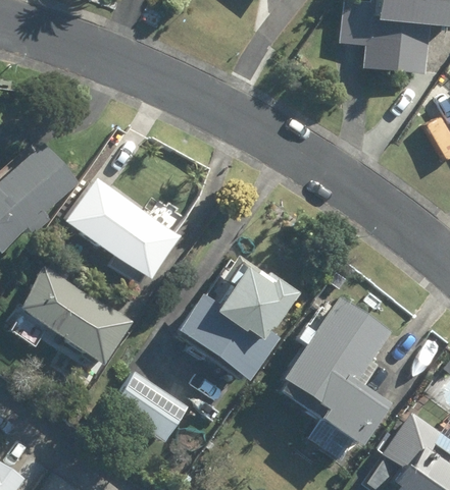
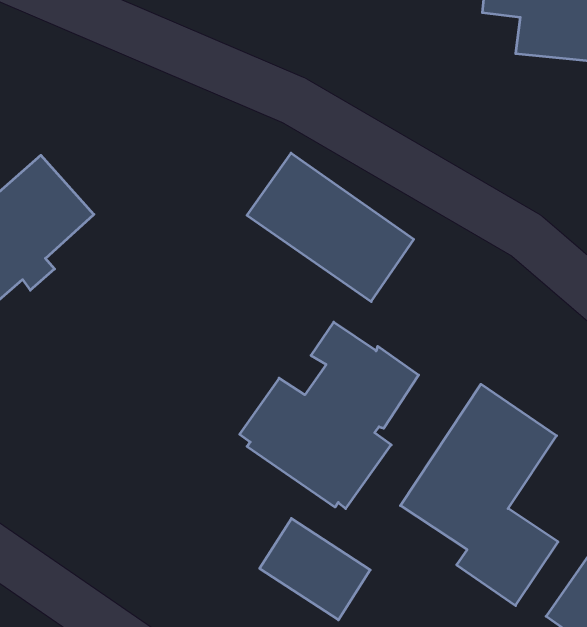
building: [67,178,180,278] -> [247,153,414,302]
building: [19,265,133,365] -> none
building: [111,372,186,440] -> [260,518,370,620]

